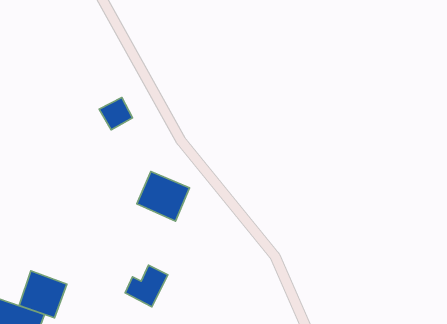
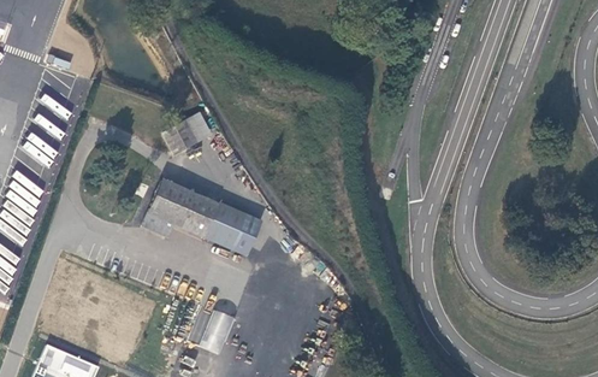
building: none -> [141,177,219,238]
building: [19,271,67,318] -> none

